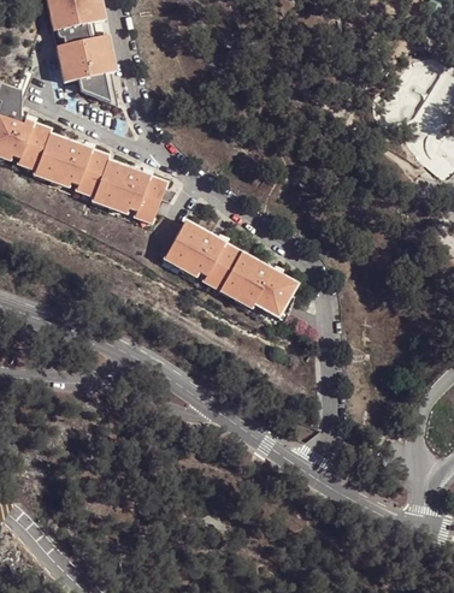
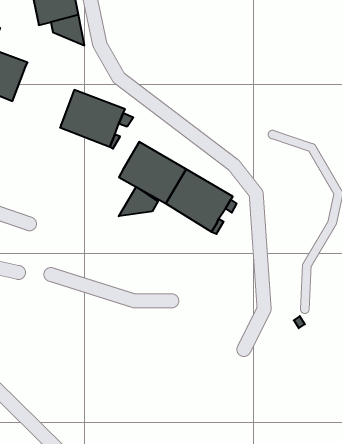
building: [34,130,111,198] -> none
building: none -> [119,187,158,216]

